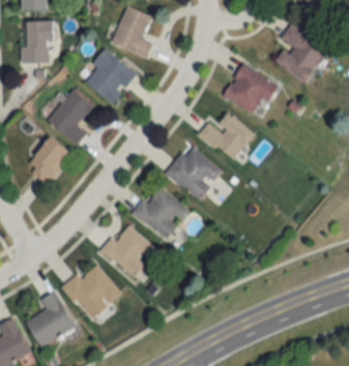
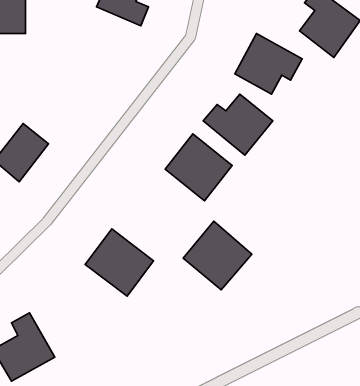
building: [85,50,136,102] -> none
building: [48,89,93,145] -> none
building: [134,184,190,240] -> [183,221,252,290]
building: [63,262,121,319] -> none

